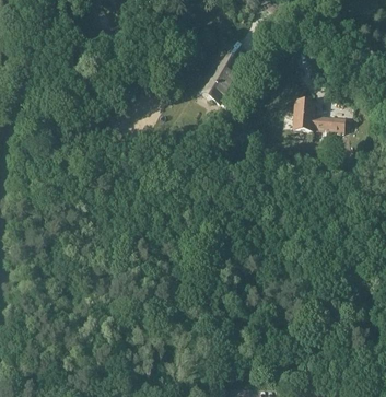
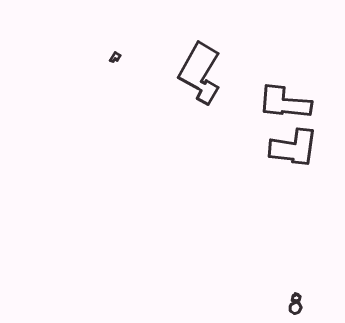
building: none -> [269,129,312,163]

